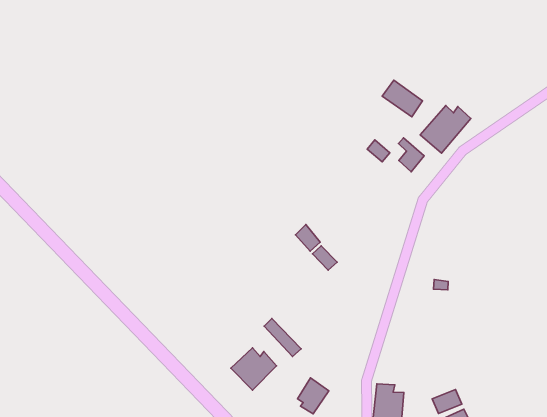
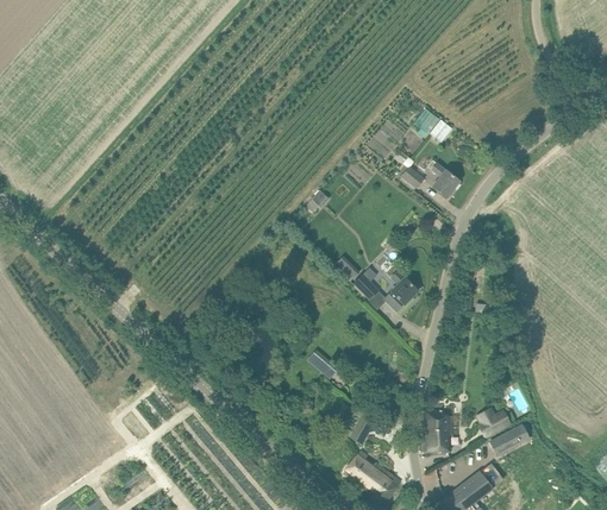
building: [420,105,471,153] -> none
building: none -> [384,271,417,310]
building: [231,348,277,390] -> none

